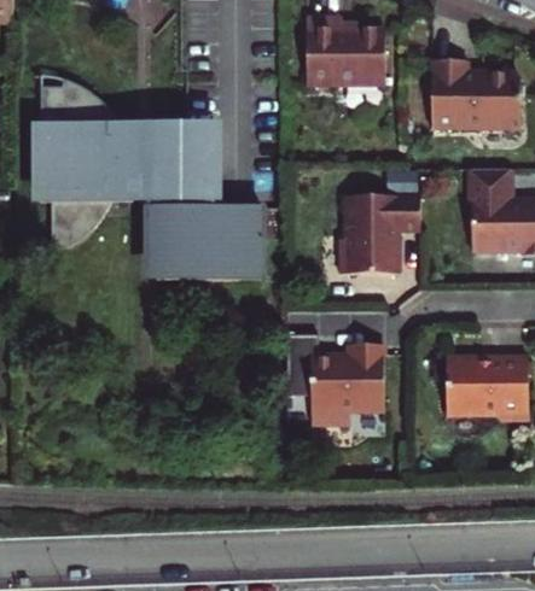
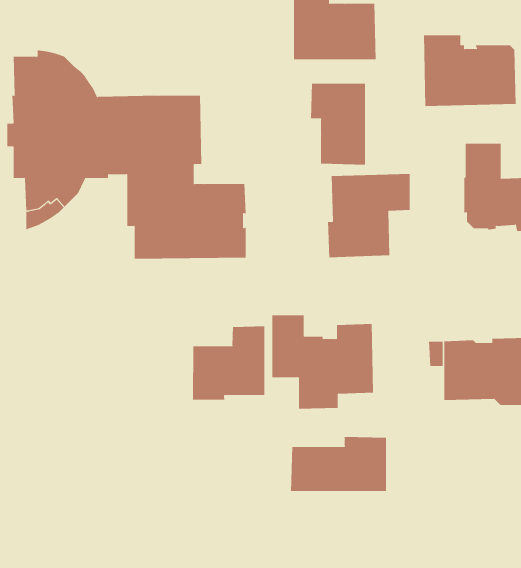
building: none -> [311,83,365,165]
building: none -> [192,326,265,400]
building: none -> [290,436,387,492]

